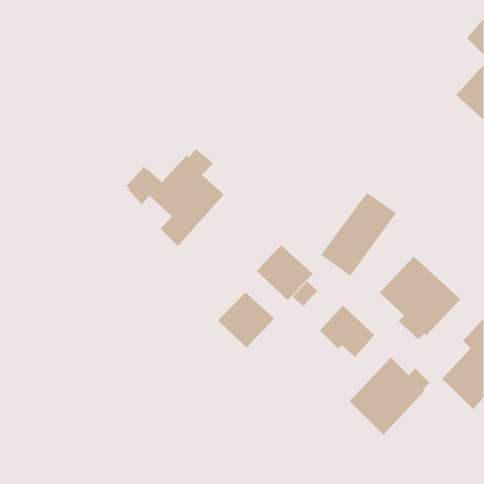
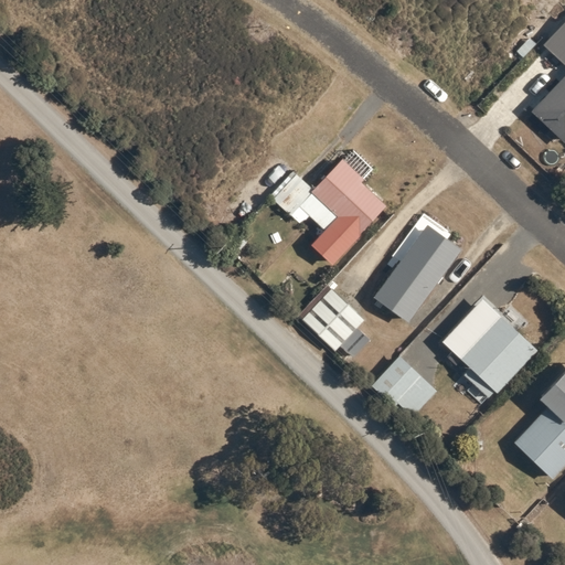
building: [126,148,224,247] -> [271,150,386,265]
building: [217,292,275,349] -> none
building: [349,357,430,435] -> none

